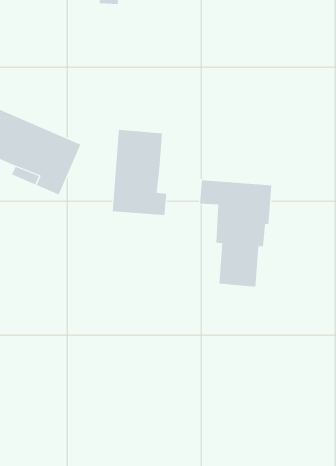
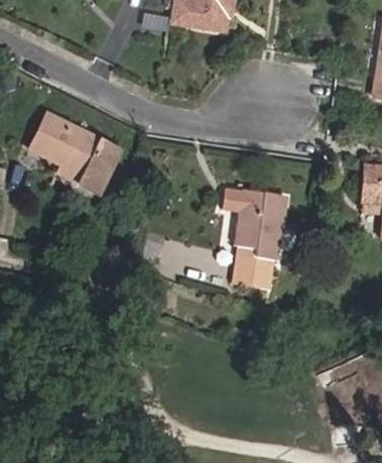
building: [112,129,167,216] -> none

